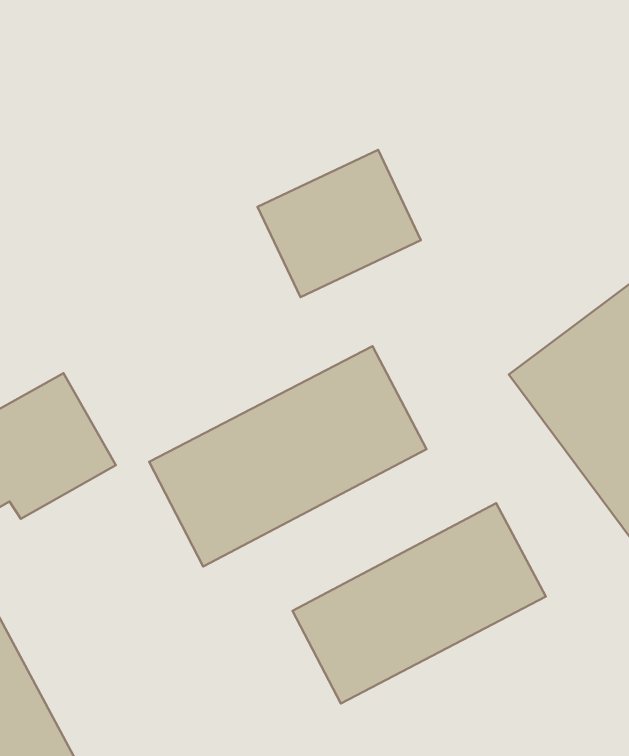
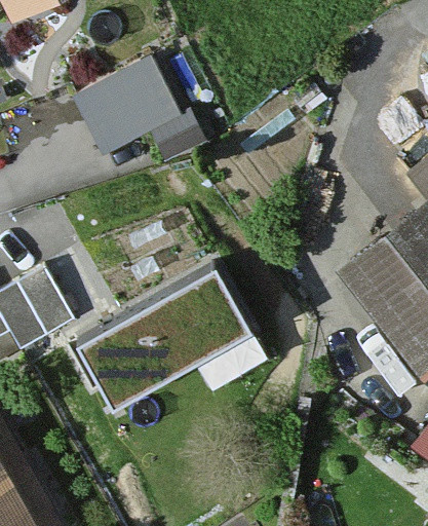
building: [258,150,421,297] -> [73,61,179,156]
building: [292,503,546,703] -> none

